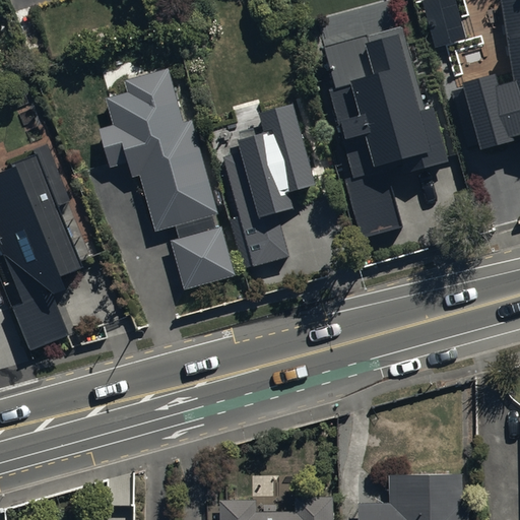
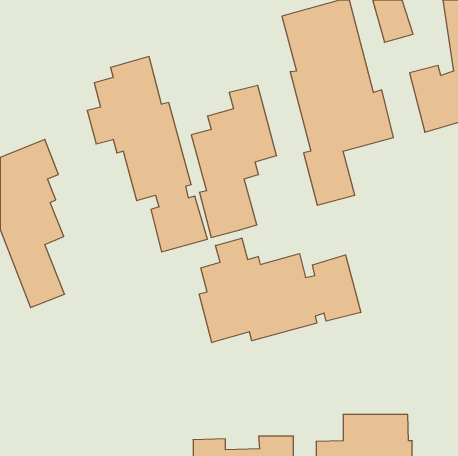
building: none -> [199,238,361,343]

